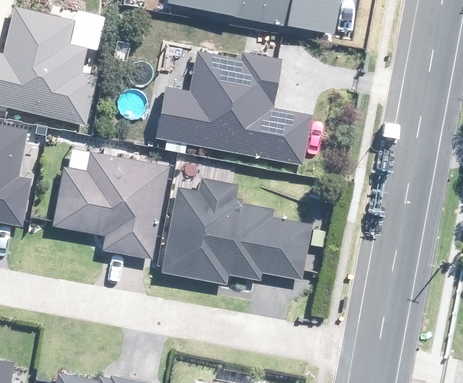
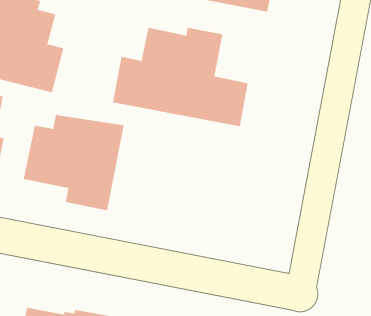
building: [161,180,309,283] -> none

